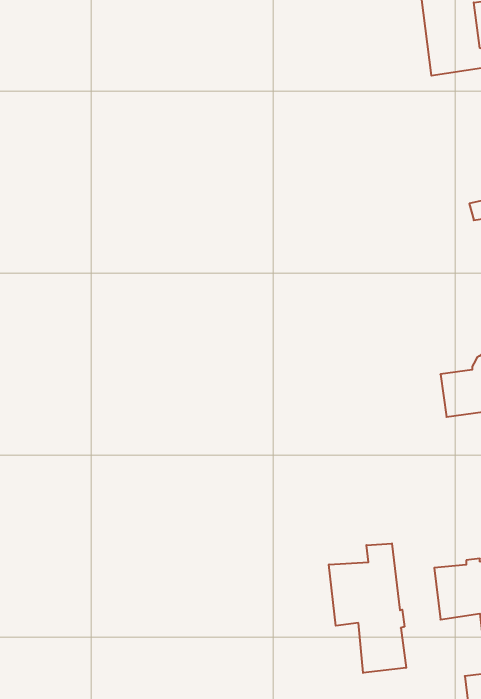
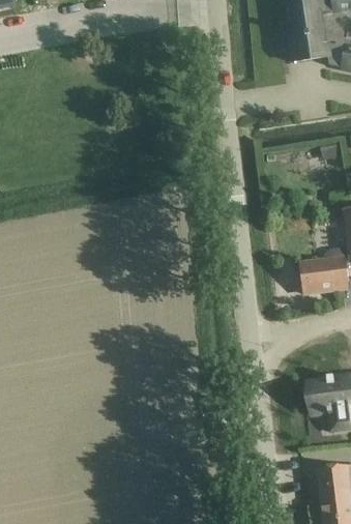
building: [329,543,406,673] -> none

